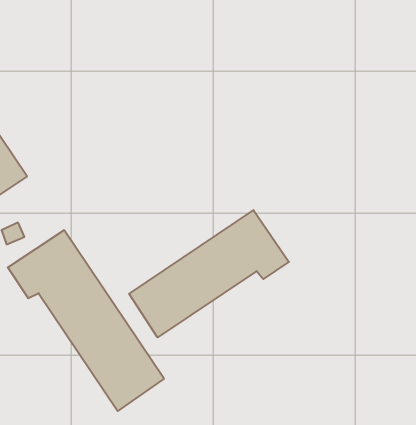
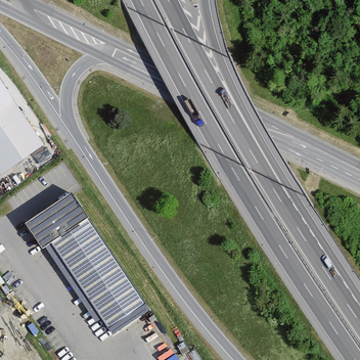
building: [129,210,289,337] -> none

